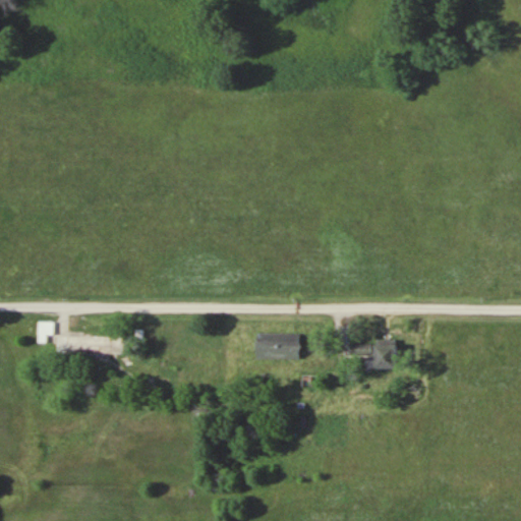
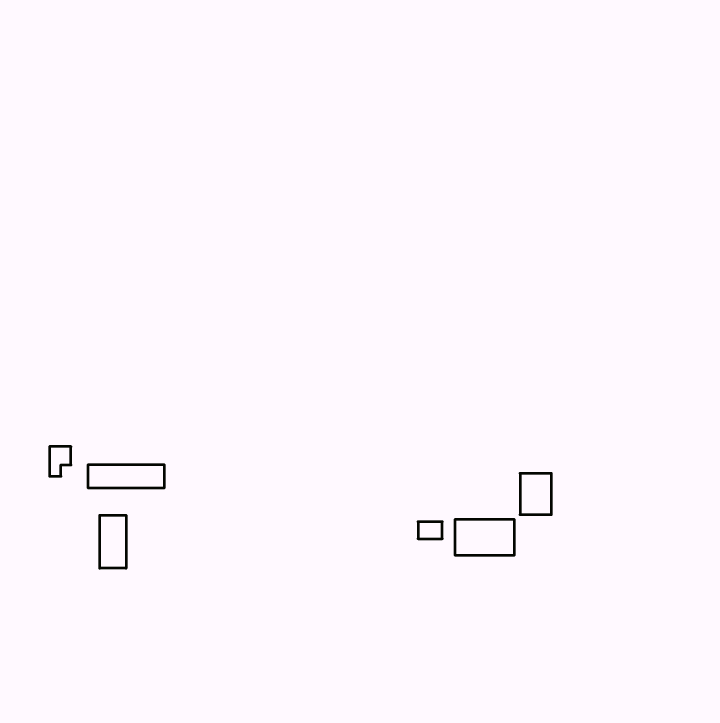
building: [255,334,298,359] -> [455,520,514,555]
building: none -> [100,515,126,568]

